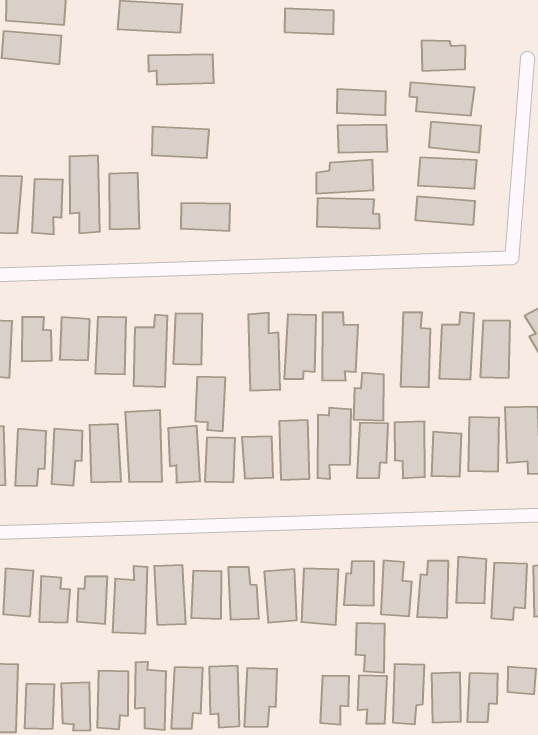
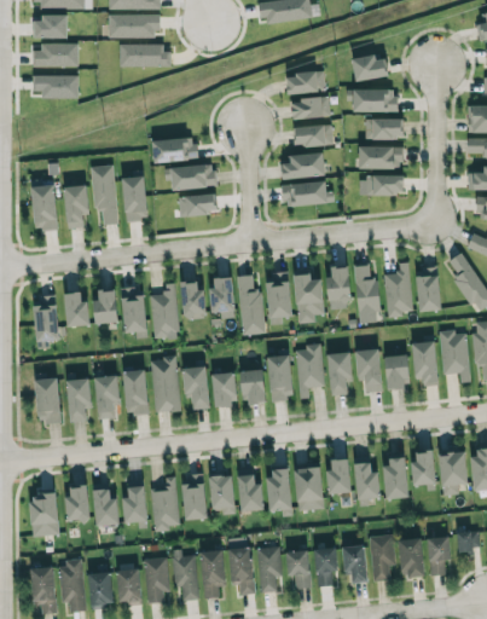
building: [285,8,334,34] -> [286,73,325,92]
building: [148,54,214,85] -> [164,163,216,190]
building: [354,373,384,420] -> [326,265,350,301]
building: [195,377,225,431] -> [210,277,233,318]
building: [355,623,385,673] -> [286,550,311,588]

